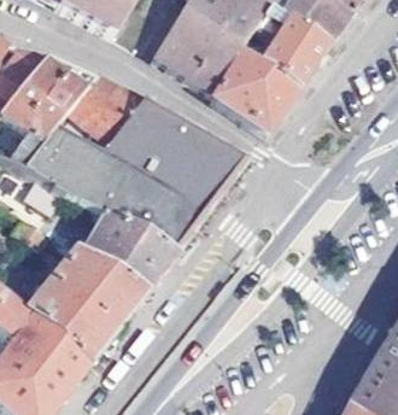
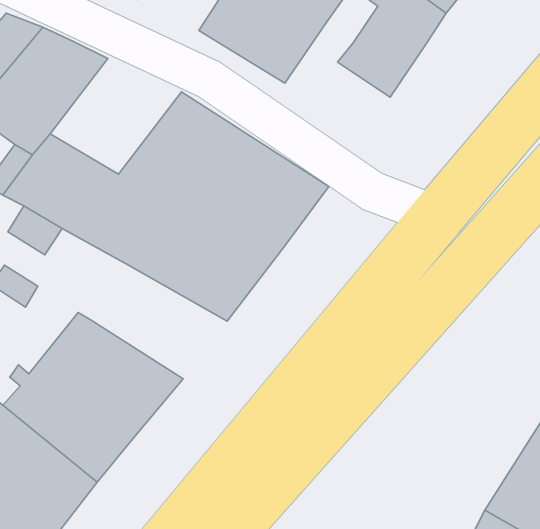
building: [215,51,289,133] -> none
building: [55,76,146,156] -> none
building: [83,217,177,297] -> none

